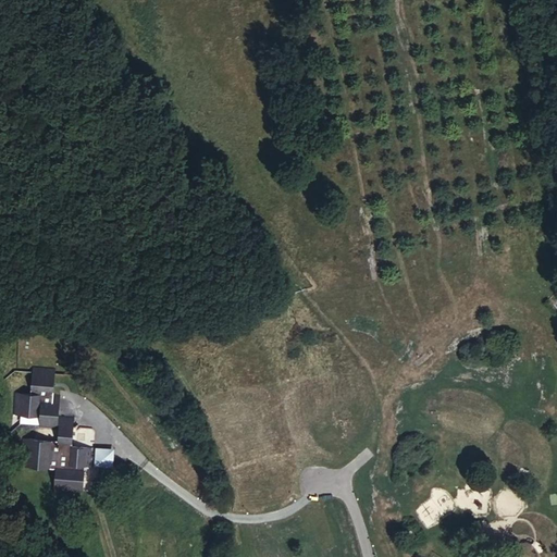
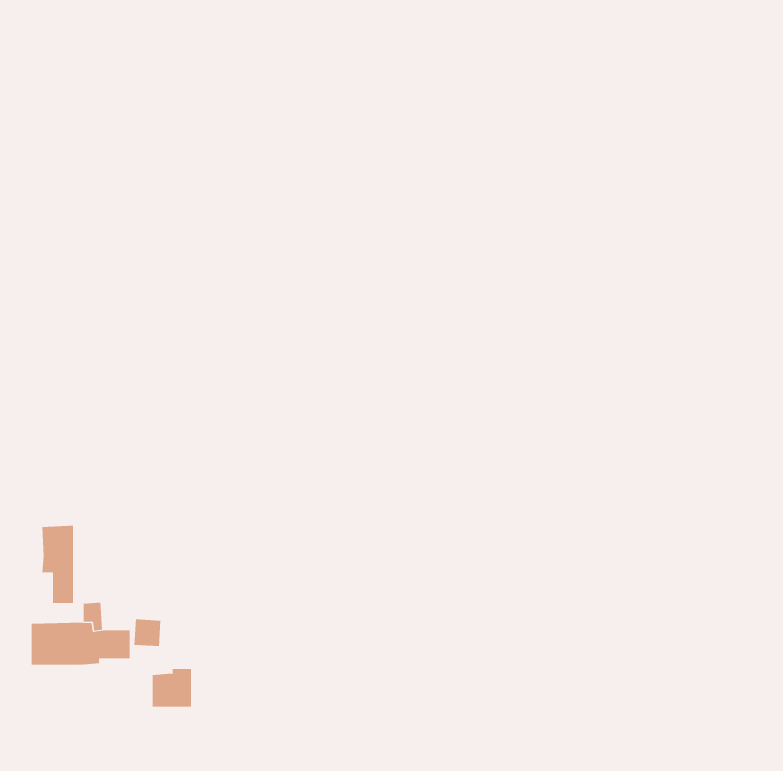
building: [14,394,38,418] -> none
building: [58,467,86,494] -> [152,669,192,707]

